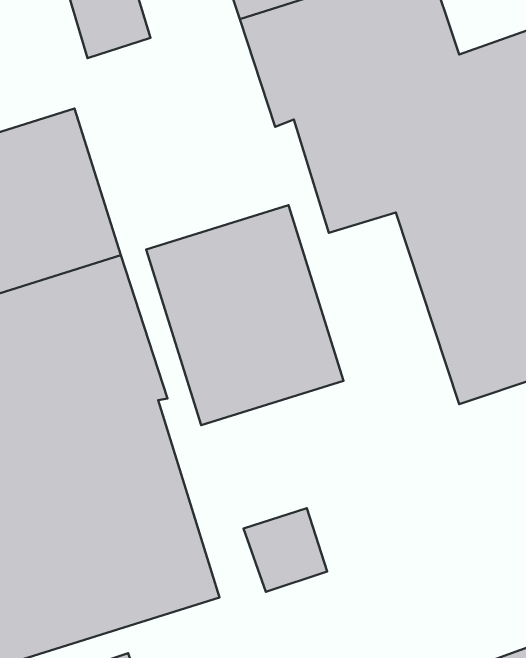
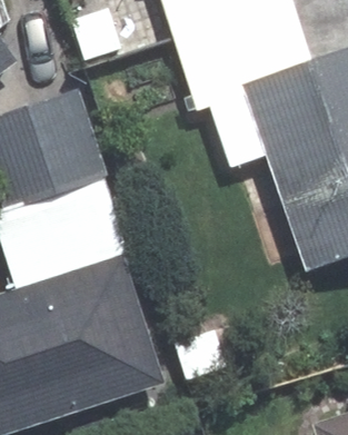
building: [146,205,343,425] -> none

